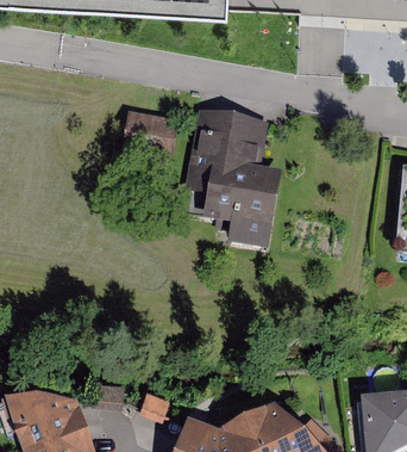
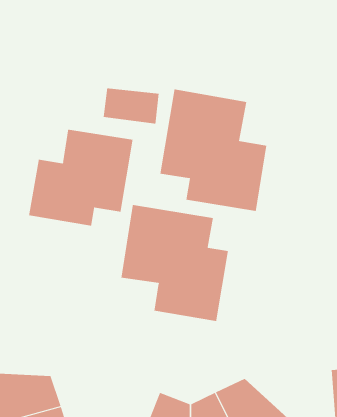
building: none -> [29,129,133,226]
building: none -> [121,204,228,322]

